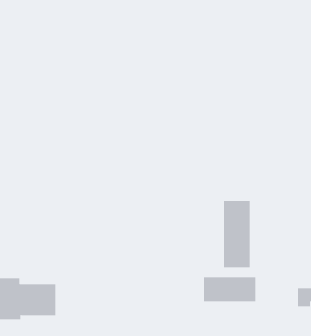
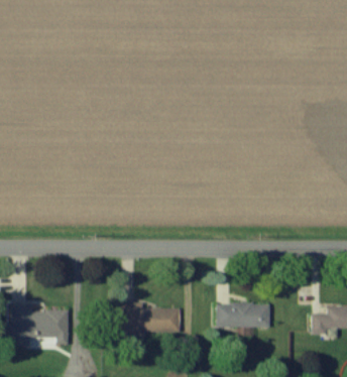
building: [223,200,250,268] -> none
building: none -> [124,302,181,338]

